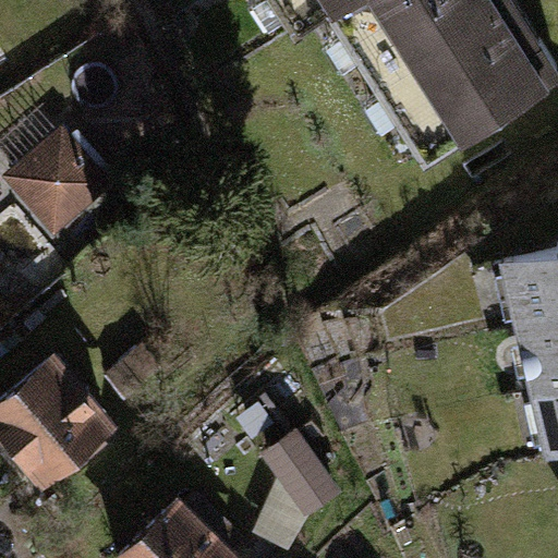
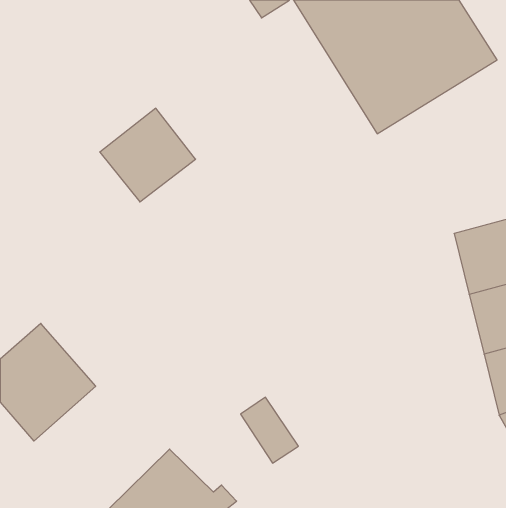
building: [9,129,113,231] -> [100,108,196,202]

